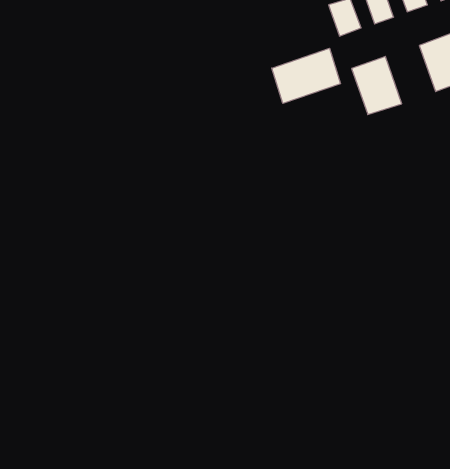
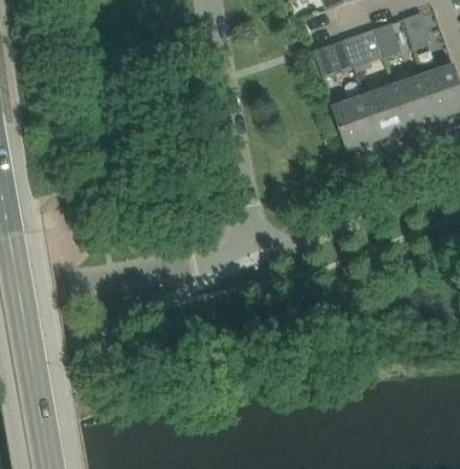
building: none -> [364,86,408,137]
building: [272,48,341,103] -> none

